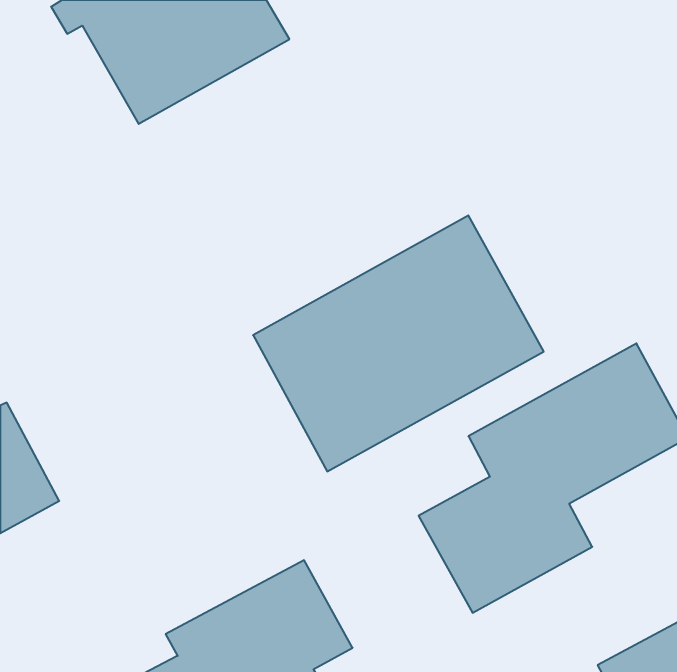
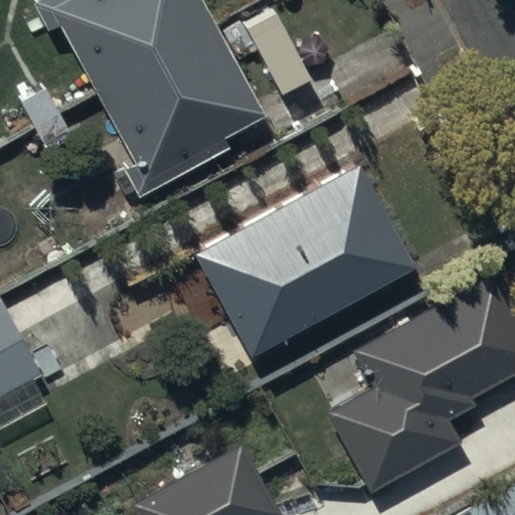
building: none -> [112,41,271,203]

